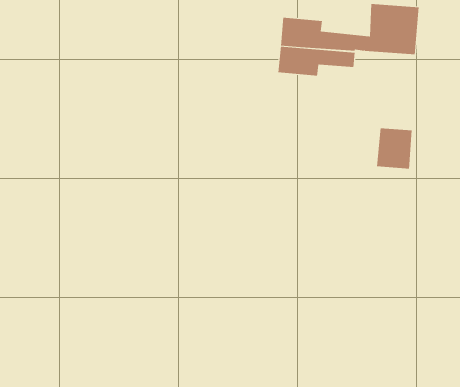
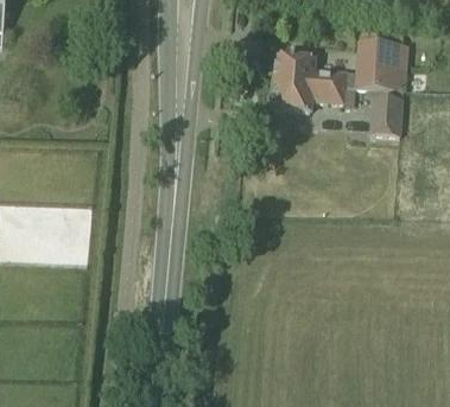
building: [376,128,412,169] -> [367,96,401,135]

